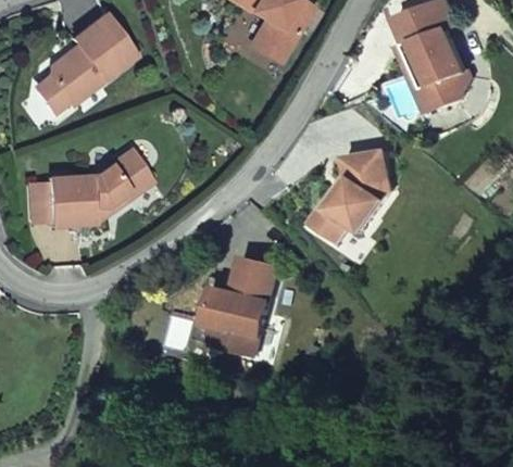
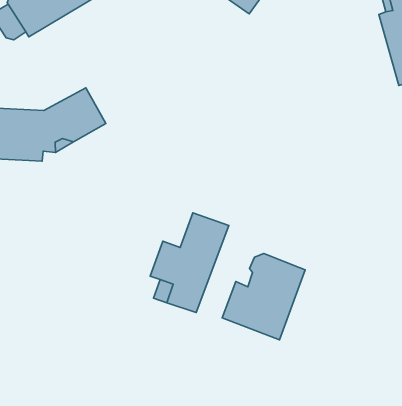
building: [315,149,397,244] -> none
building: none -> [222,253,305,340]

